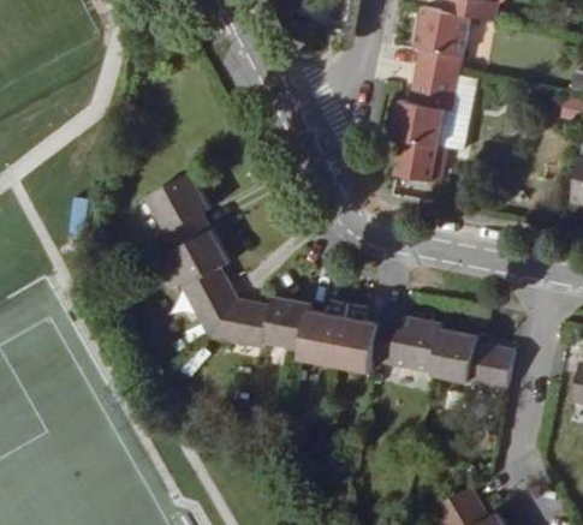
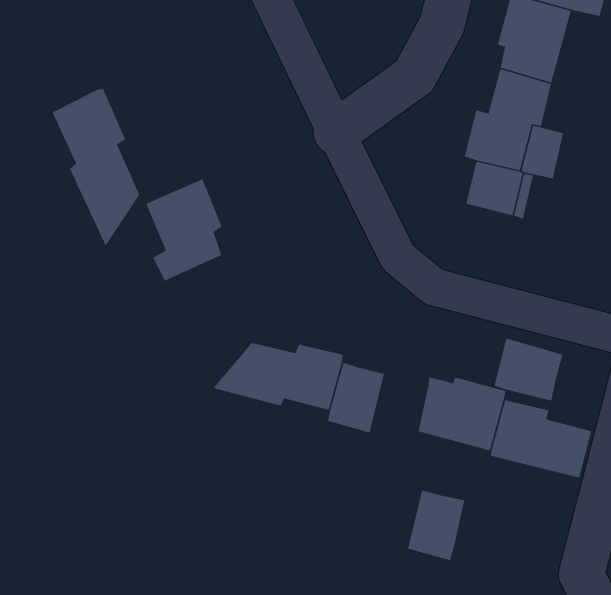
building: none -> [51,88,140,247]
building: [167,231,236,336] -> none
building: none -> [493,337,563,401]
building: [334,316,377,371] -> [407,489,465,561]

